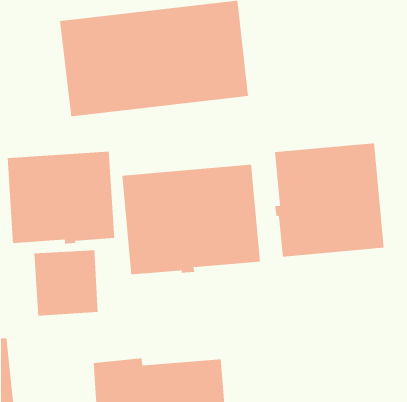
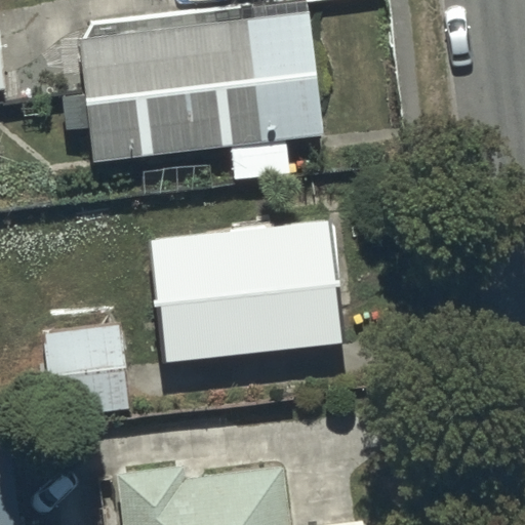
building: [274,143,384,257] -> none
building: [7,151,115,245] -> none

